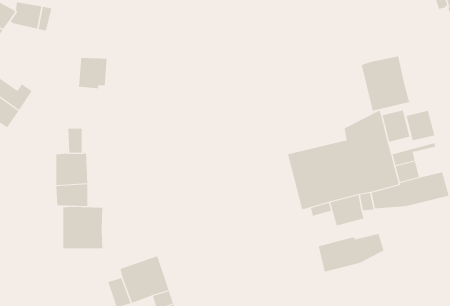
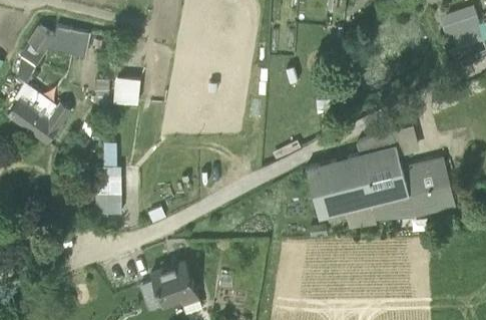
building: [361,56,410,111] -> none
building: [406,110,435,141] -> [422,161,449,189]
building: [63,206,103,249] -> none
building: [318,233,384,273] -> none

